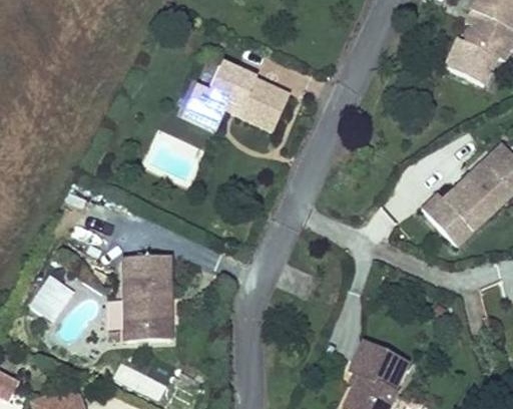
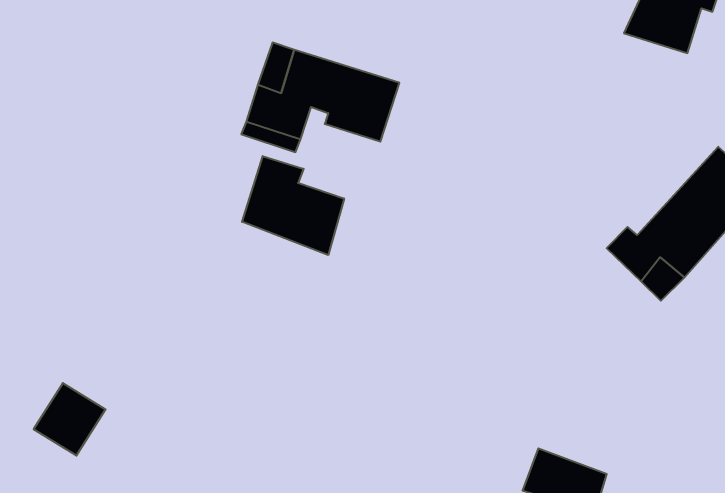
building: none -> [242,156,344,255]
building: [120,256,173,337] -> none

